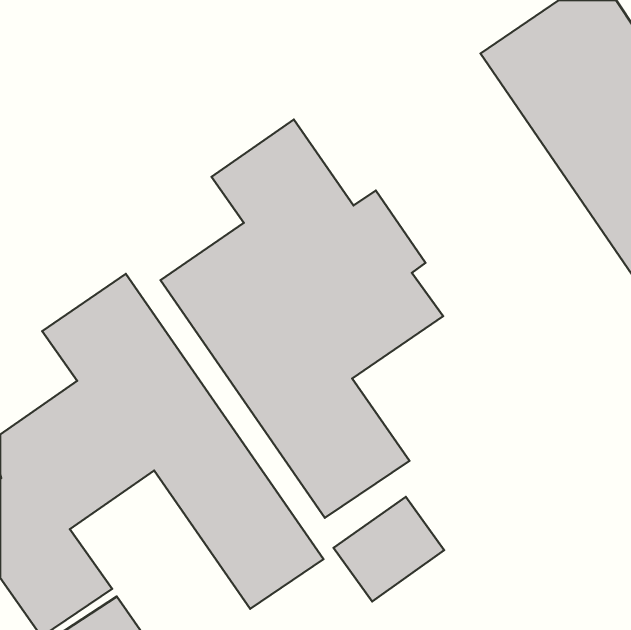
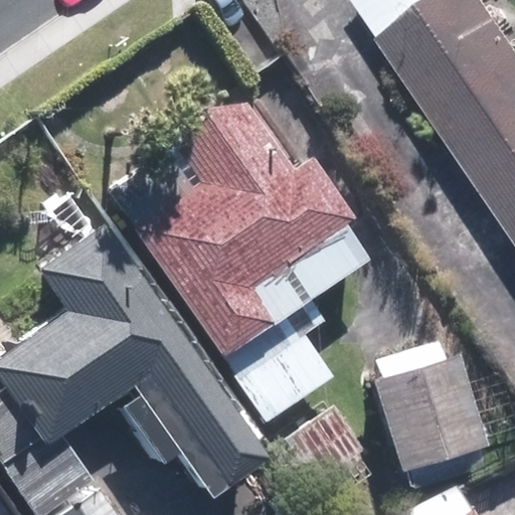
building: none -> [374,356,486,468]

